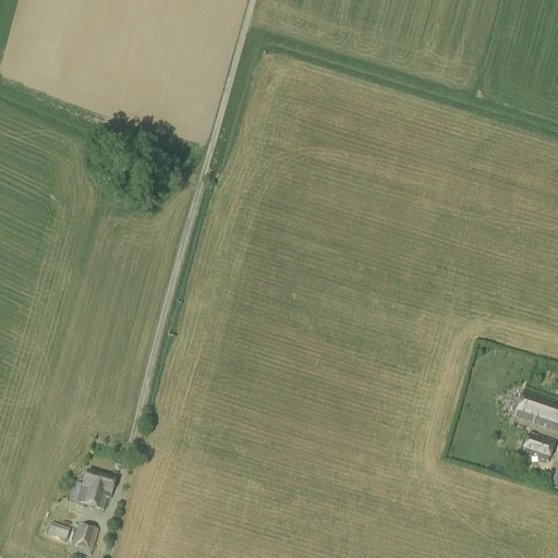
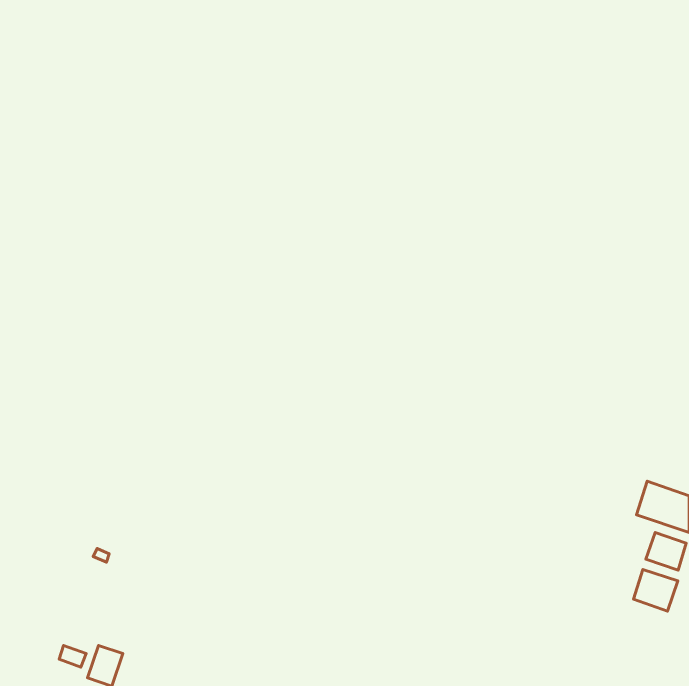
building: none -> [634,570,678,611]
building: [71,470,116,509] -> none

